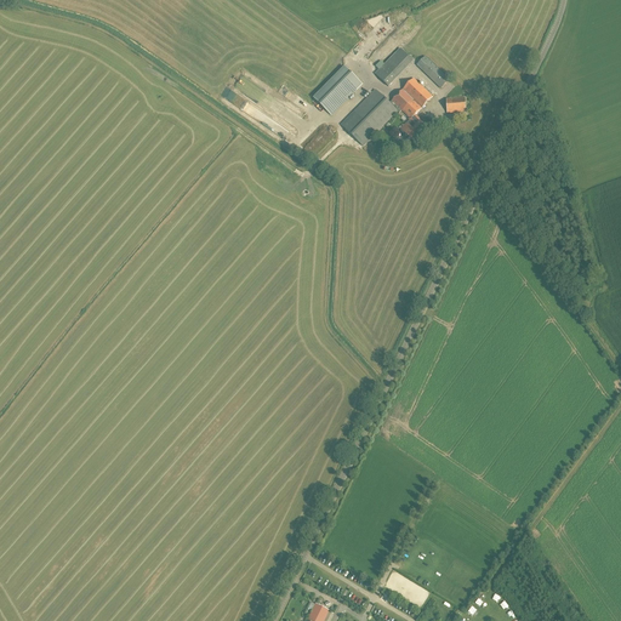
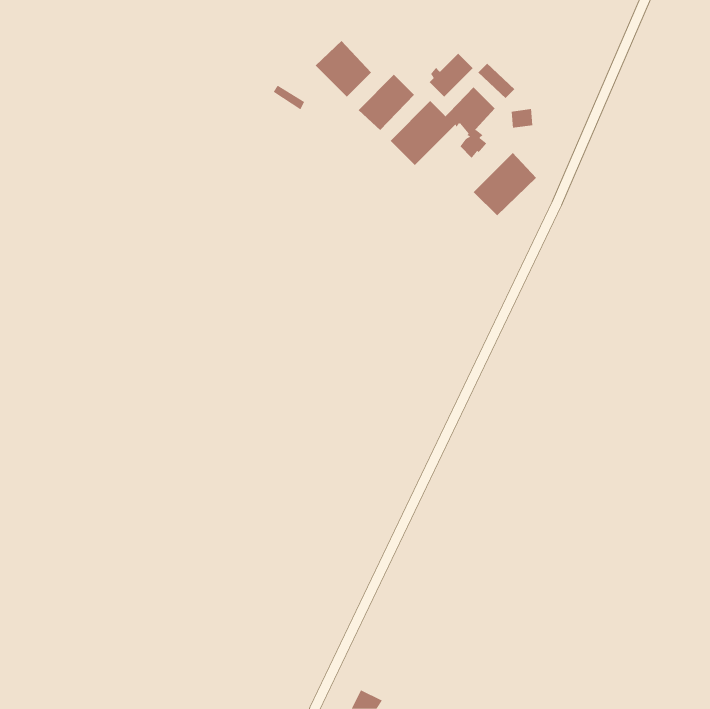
building: none -> [315,40,372,98]
building: none -> [473,152,537,216]

